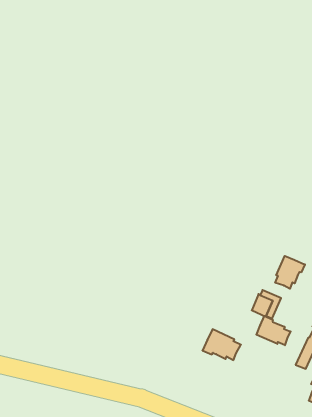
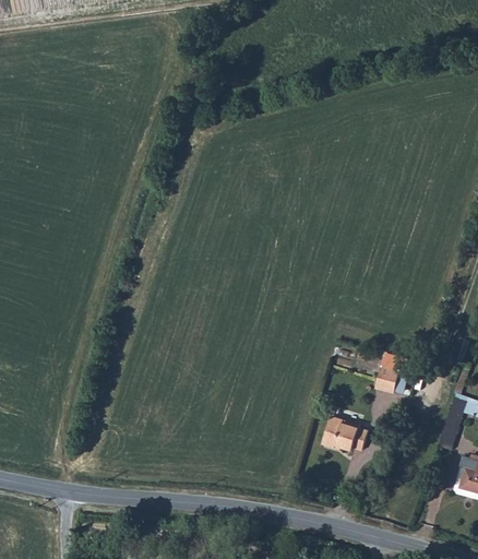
building: [275,256,305,289] -> none
building: [256,316,291,345] -> none

